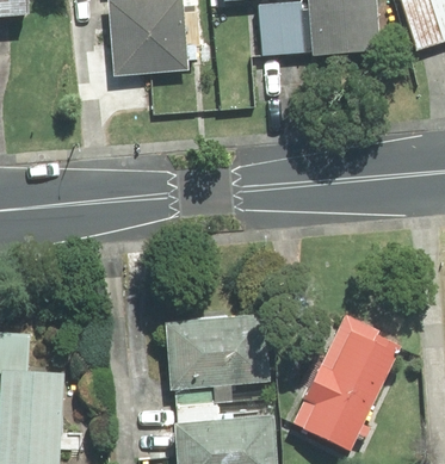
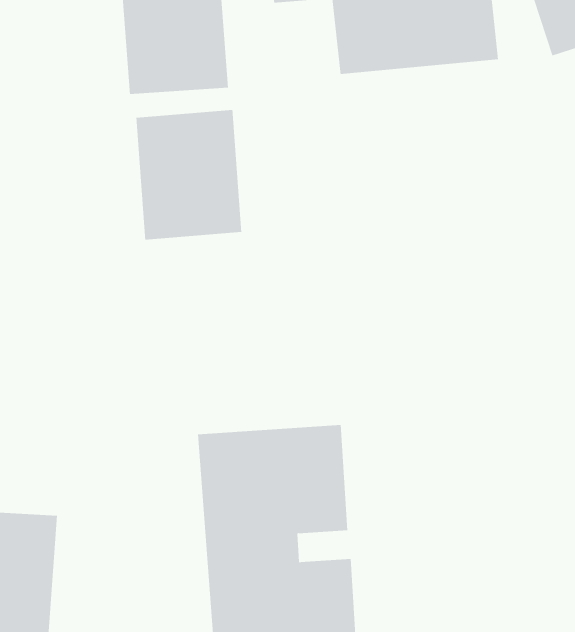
building: none -> [136,109,242,241]
building: [284,308,401,454] -> none

